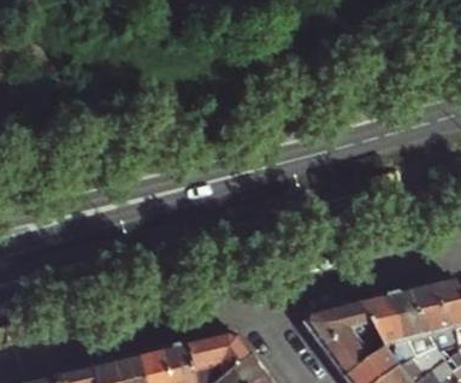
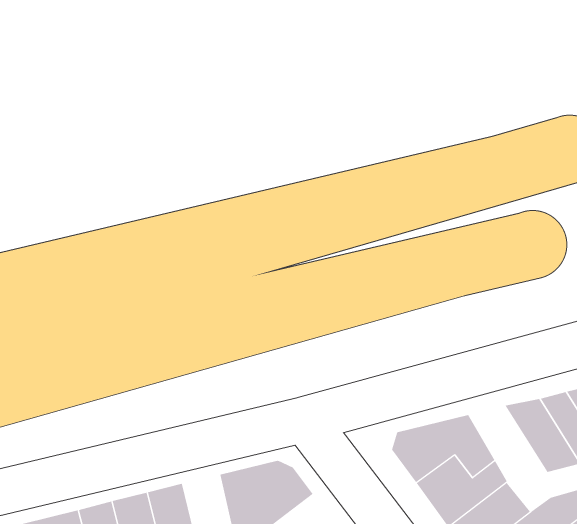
building: [360,296,413,348] -> none

